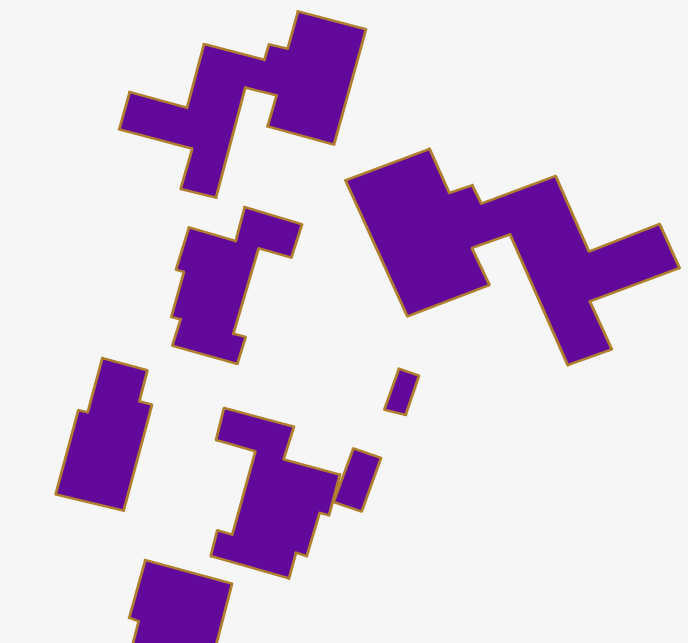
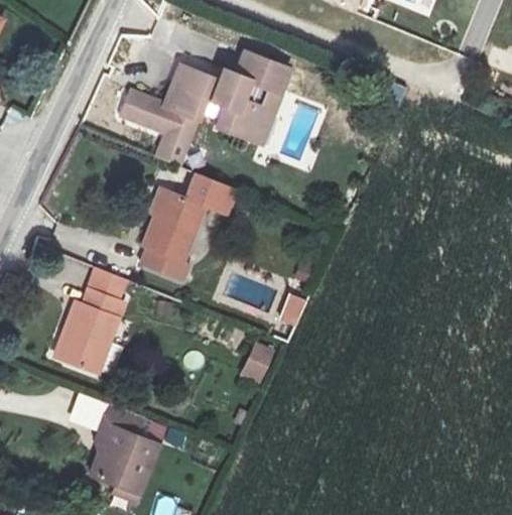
building: [345,149,679,365] -> none
building: [211,408,340,579] -> none

